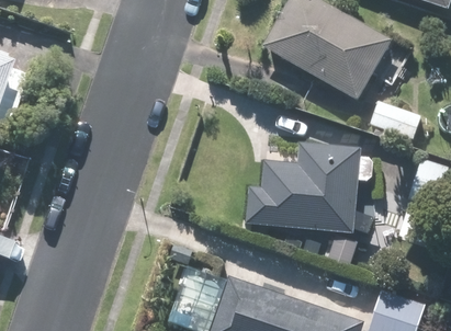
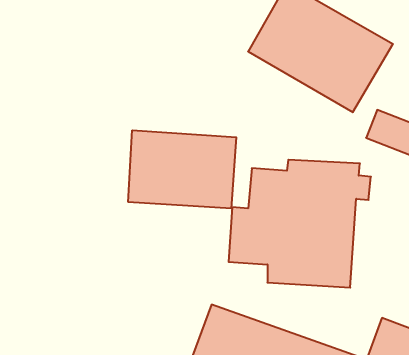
building: none -> [128,130,236,208]

